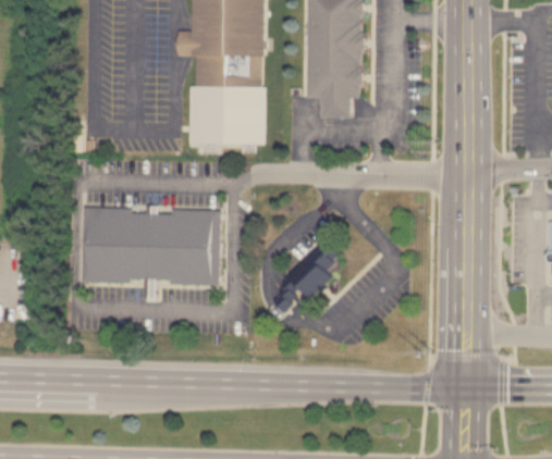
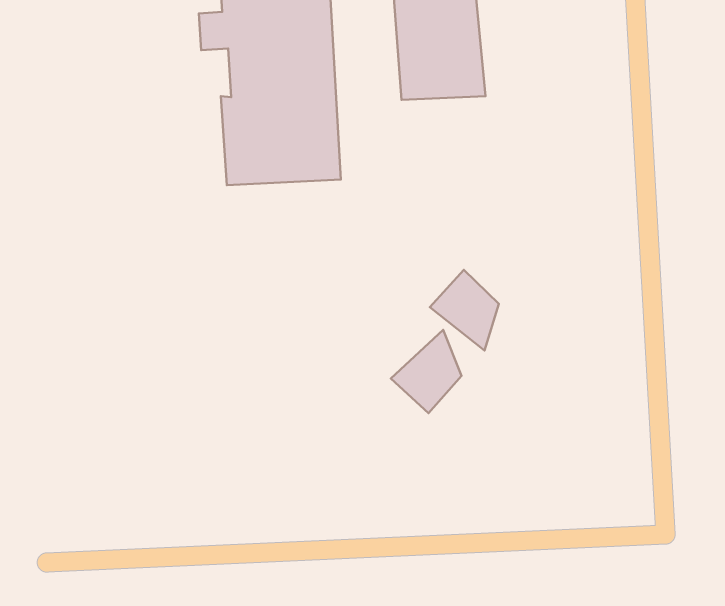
building: none -> [430,270,499,350]
building: [82,211,217,285] -> none

